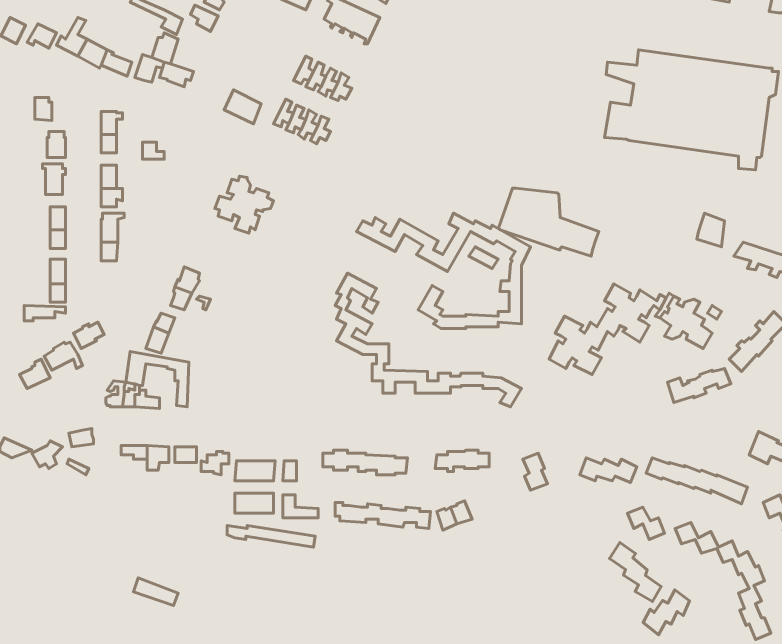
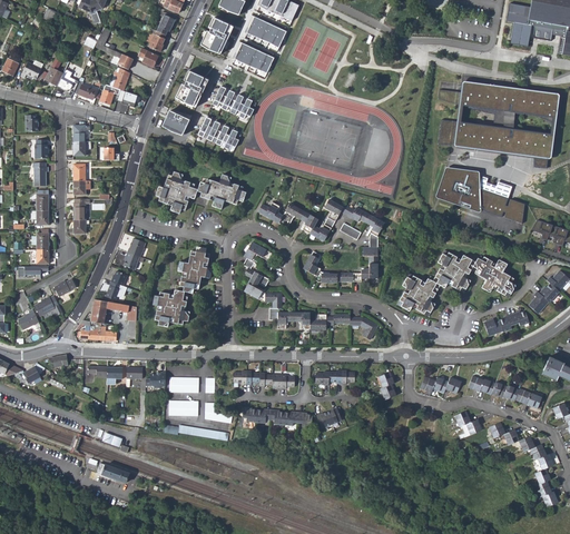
building: none -> [176,69,208,105]
building: none -> [198,174,246,208]
building: [499,188,599,256] -> [435,167,508,216]
building: none -> [178,246,212,285]
building: none -> [153,289,189,326]
building: [610,542,661,602] -> none
building: [643,590,689,635] -> none

